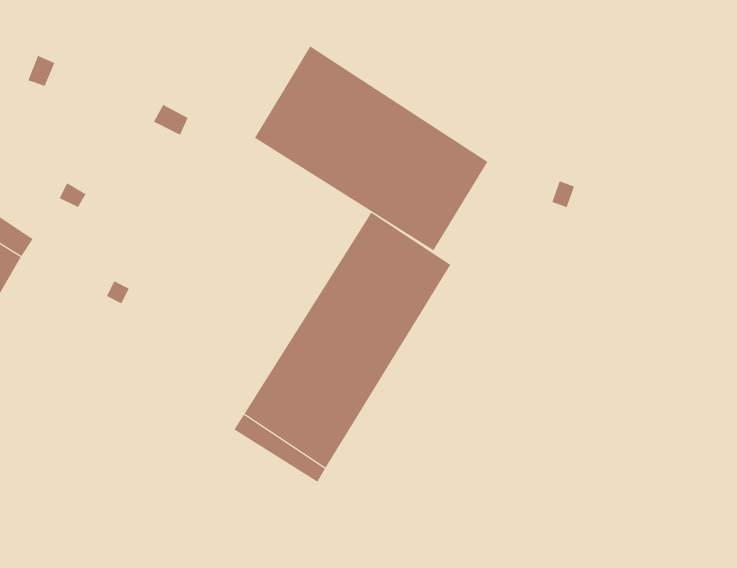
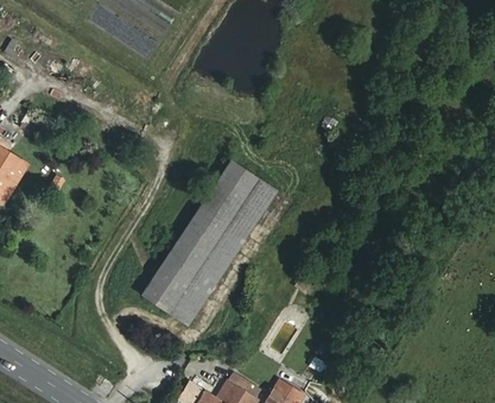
building: [254,46,488,251] -> none

